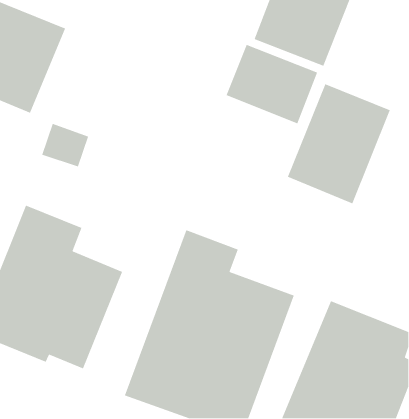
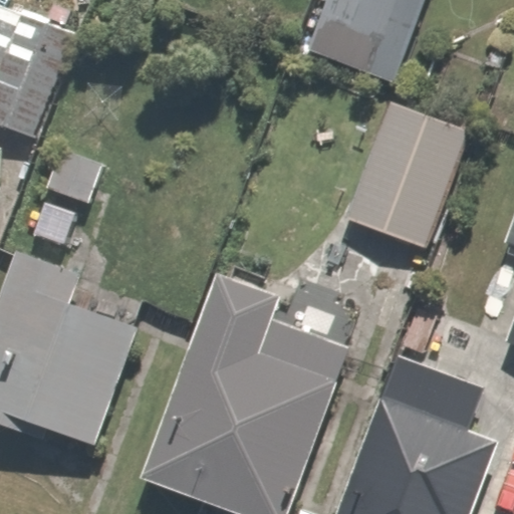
building: [225,44,318,125] -> none

